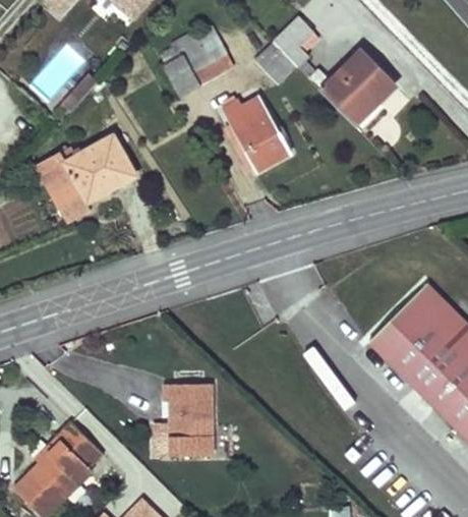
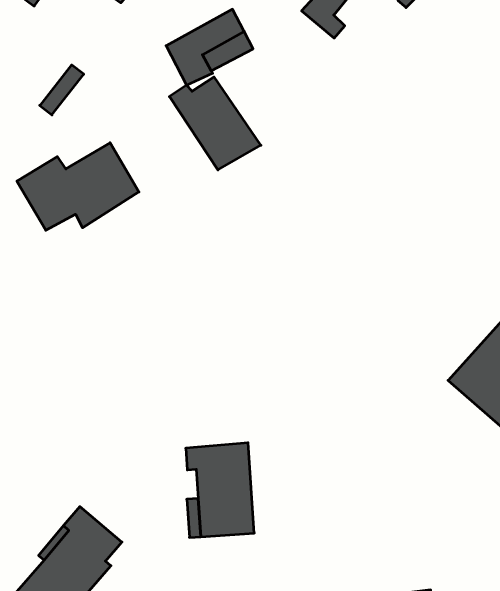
building: [256,41,298,82] -> none
building: [310,51,396,124] -> none
building: [222,96,292,170] -> [169,77,261,170]

